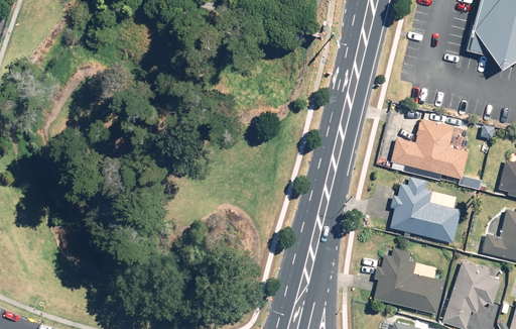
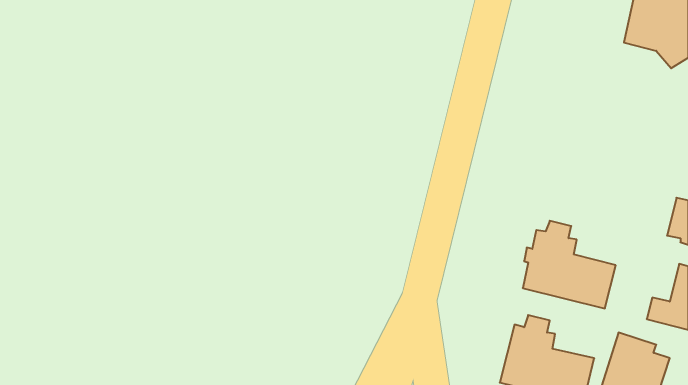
building: [392,121,469,180] -> none

